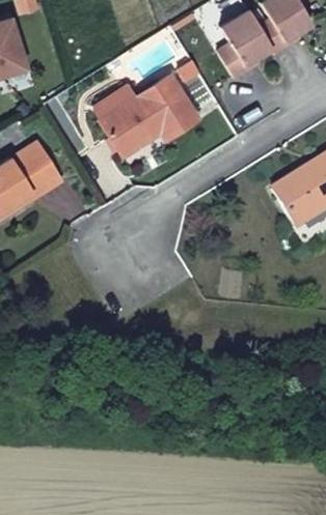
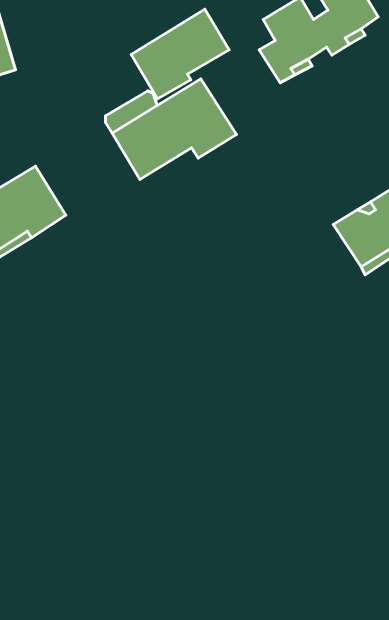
building: none -> [131,9,229,99]

